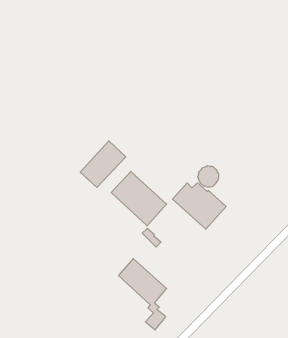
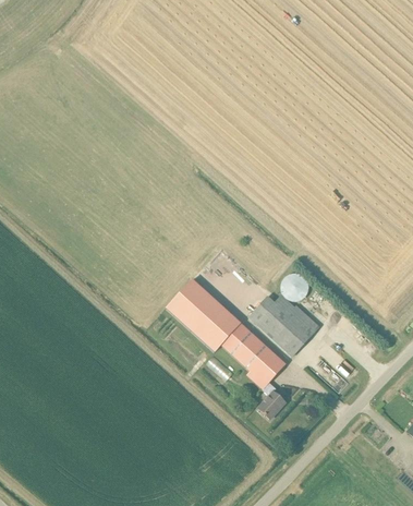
building: [80,141,126,187] -> none
building: [119,258,167,330] -> [221,323,286,419]

